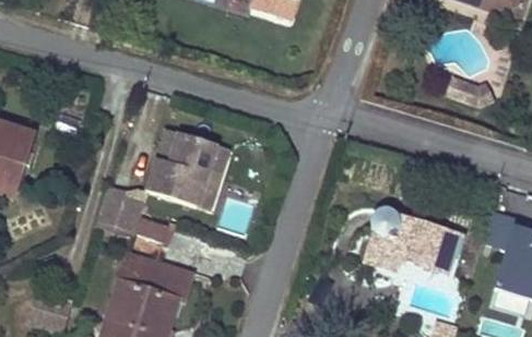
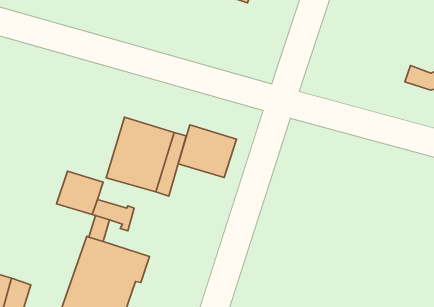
building: none -> [178,125,237,177]
building: [366,206,461,270] -> none

